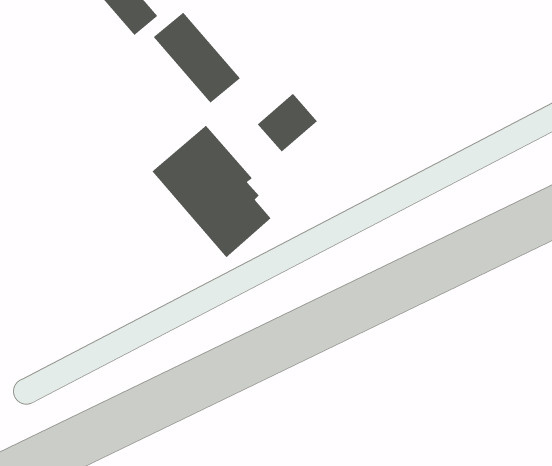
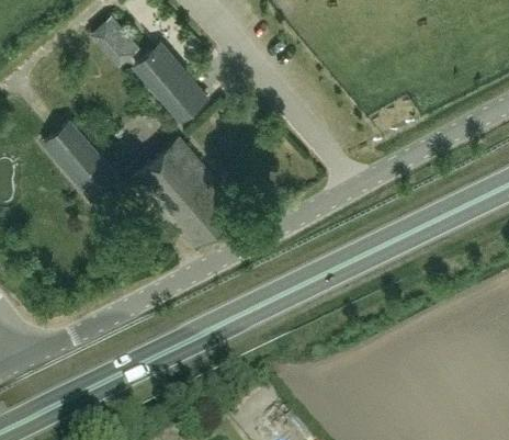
building: [257,93,318,152] -> none
building: none -> [44,122,116,198]

